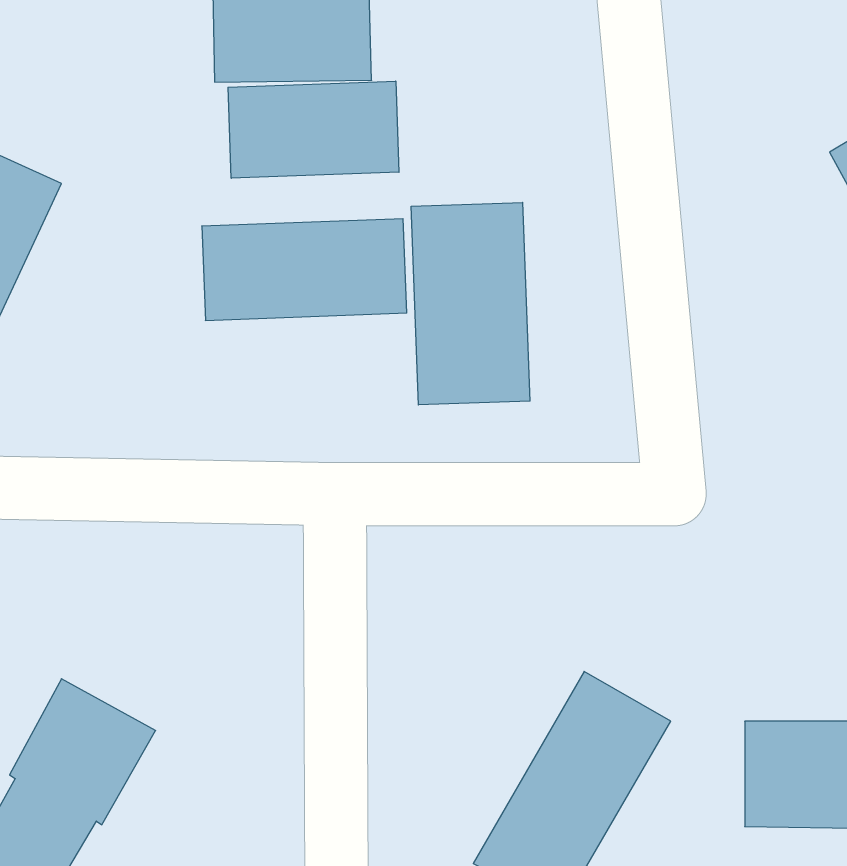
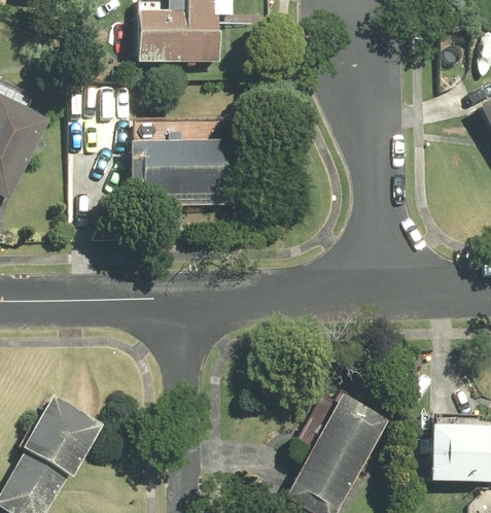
building: [228,81,399,178] -> none
building: [411,202,530,405] -> none

